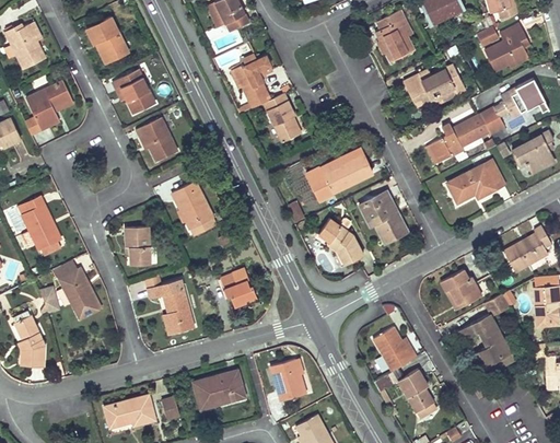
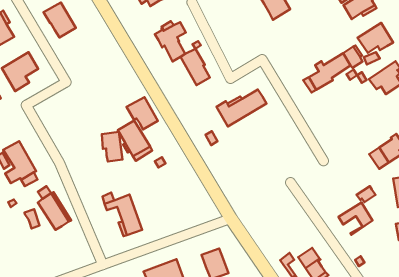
building: [402,65,465,106] -> none
building: [112,69,154,114] -> none
building: [136,118,176,161] -> [126,97,158,129]
building: [446,160,503,201] -> none
building: [358,191,407,243] -> none
building: [317,217,363,265] -> none
building: [125,226,150,265] -> [102,132,123,162]
building: [440,269,481,310] -> none
building: [221,270,256,304] -> none
building: [13,314,45,366] -> none
building: [373,326,415,371] -> none
building: [471,339,514,374] -> none

